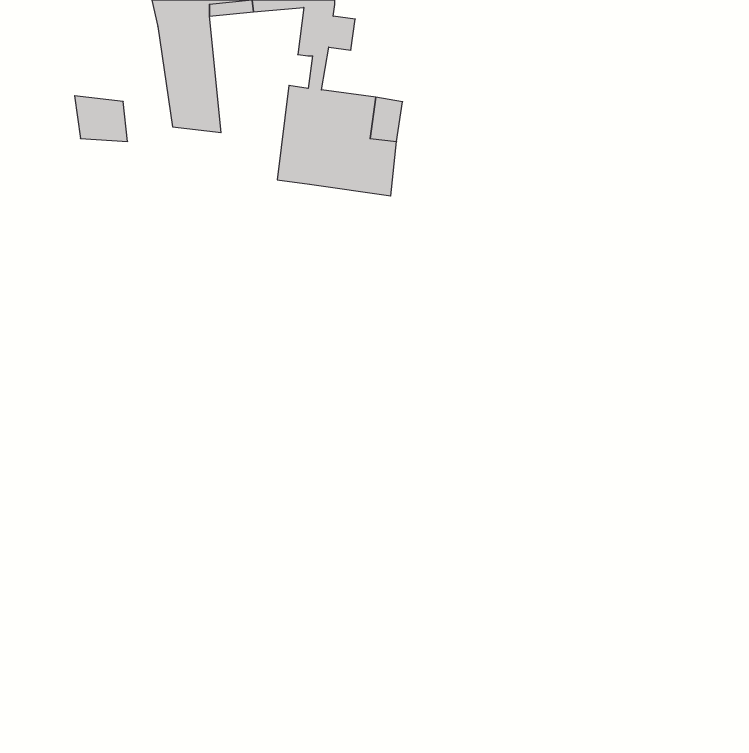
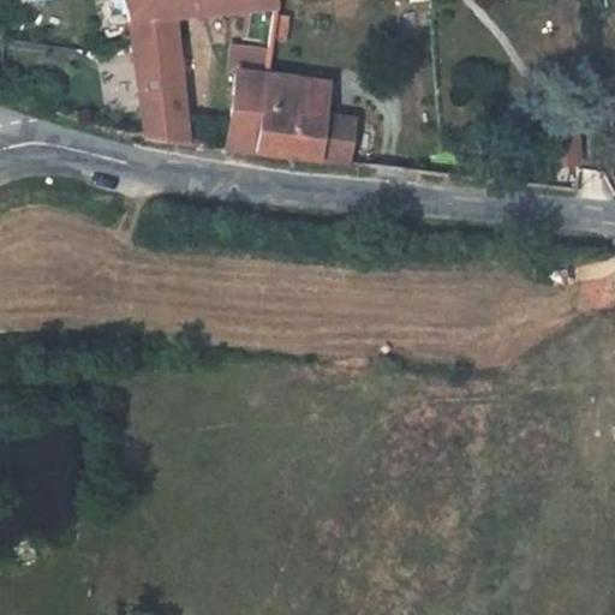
building: [75,96,128,141] -> [144,103,187,141]
building: none -> [322,115,358,163]

